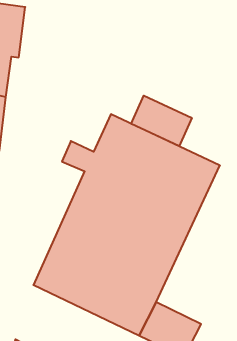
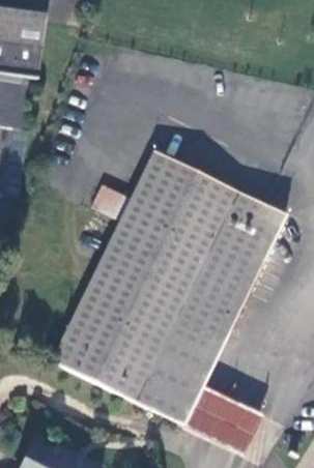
building: [131,96,192,146] -> none

